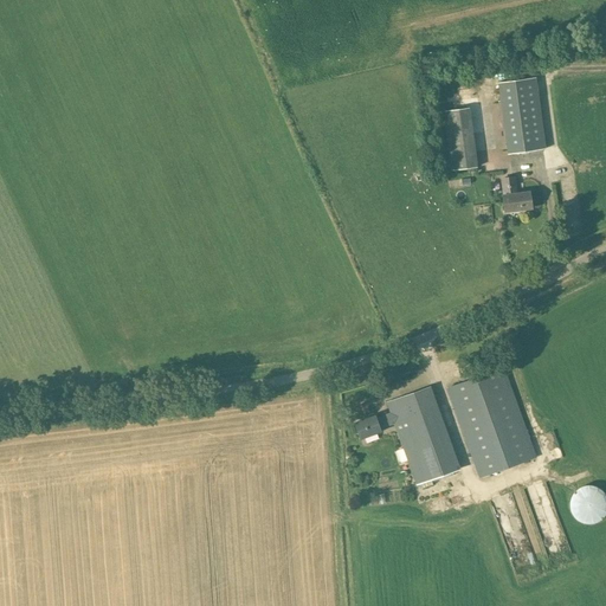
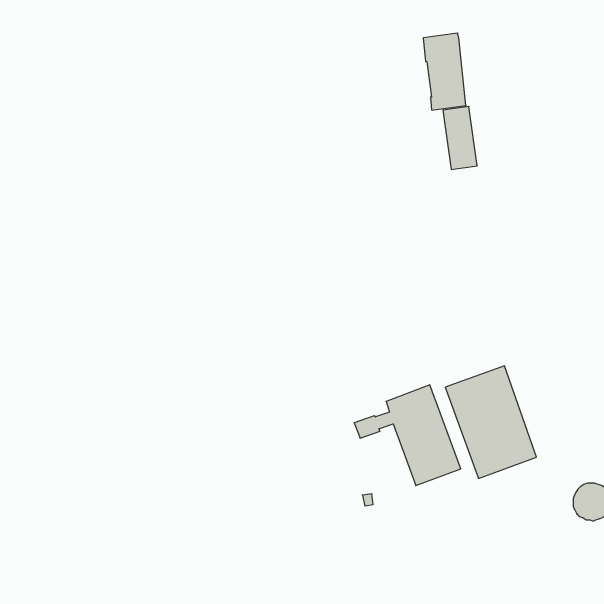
building: [501,77,543,154] -> [423,33,466,110]
building: [502,175,533,211] -> none

